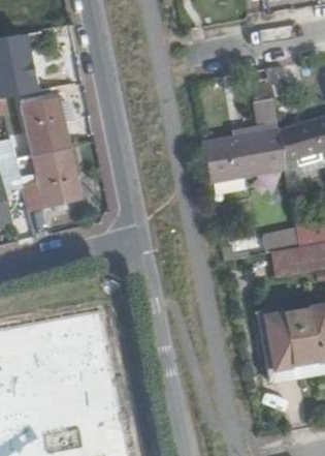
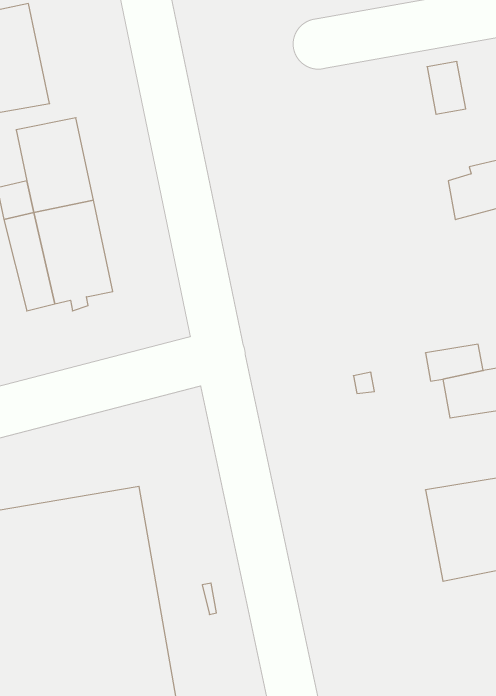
building: [202,100,284,182] -> none

